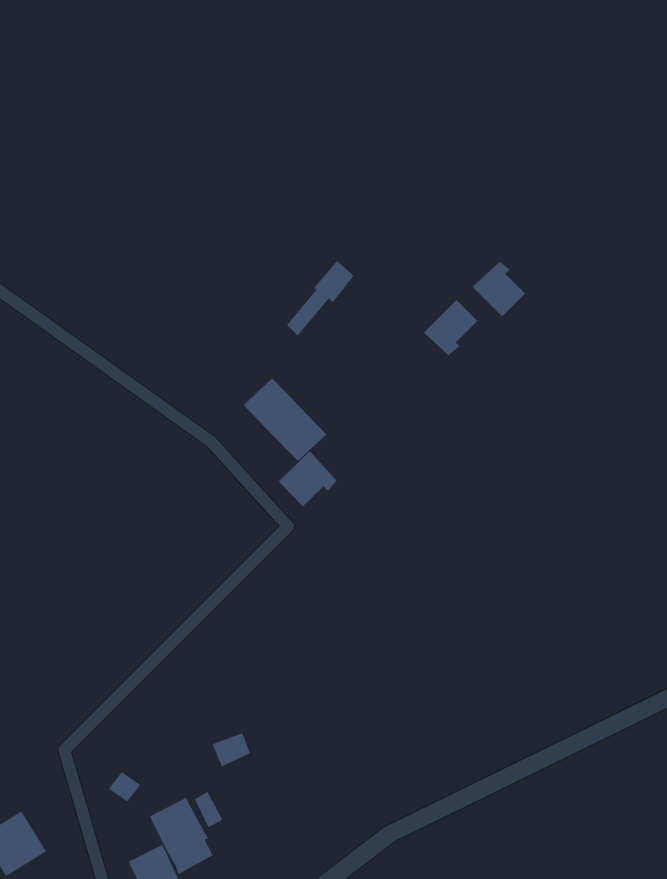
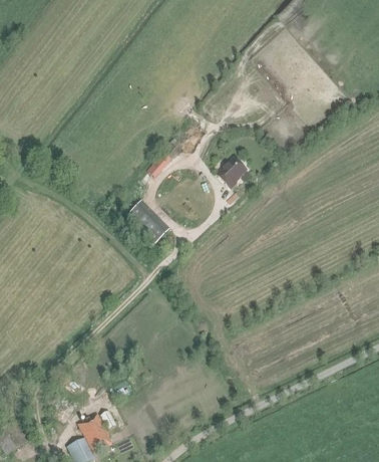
building: [472,261,526,317] -> none
building: [278,450,337,507] -> none

